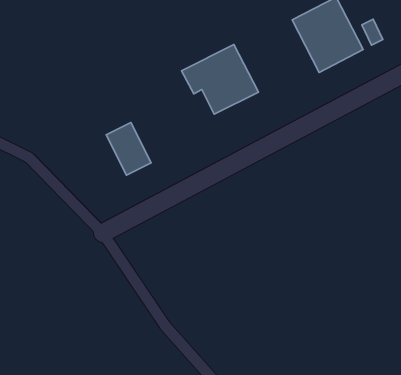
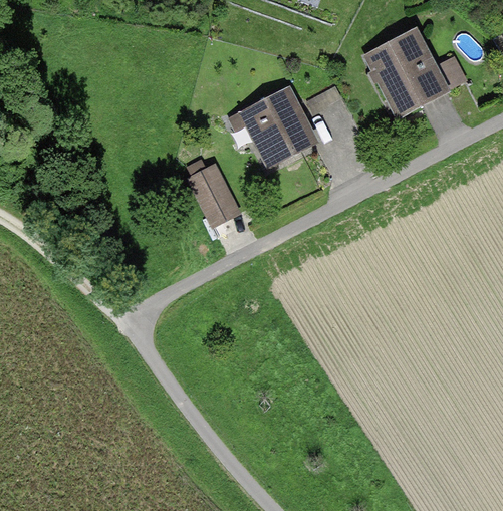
building: [106,123,151,175] -> [186,162,241,226]

